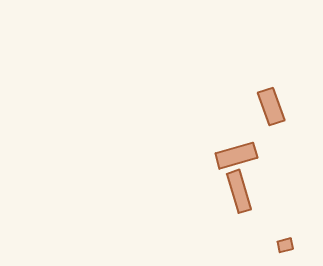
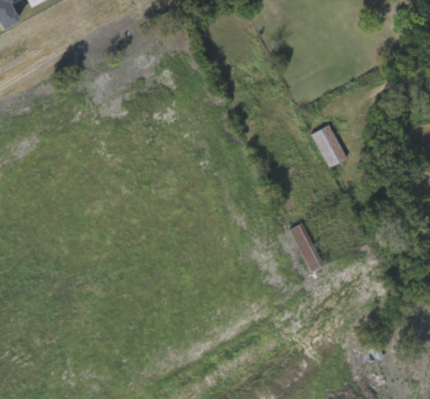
building: [216,143,257,169] -> none

